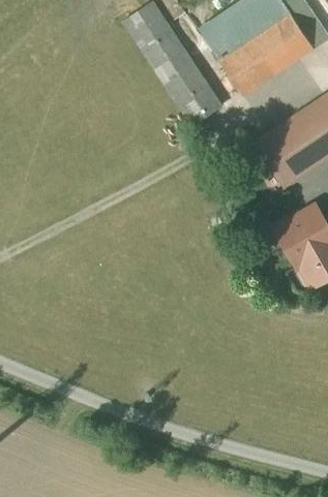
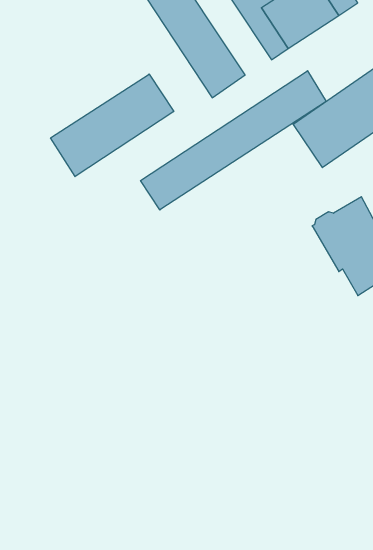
building: none -> [141,71,326,210]
building: none -> [51,74,174,177]

